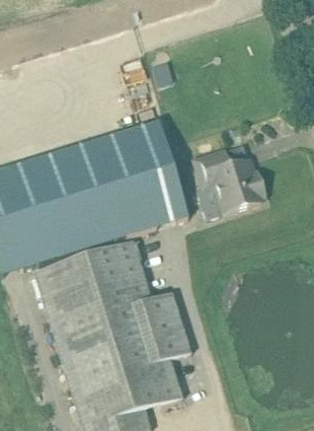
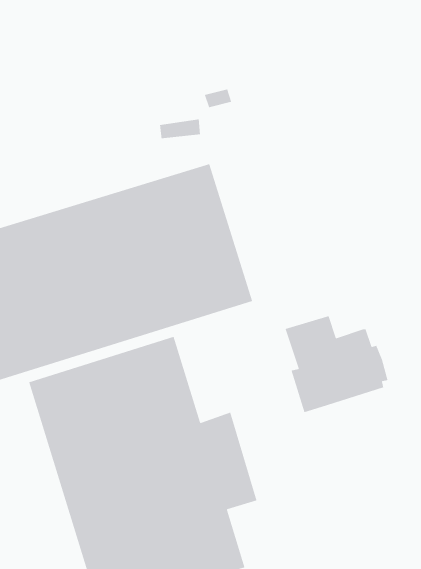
building: [193,148,264,215] -> [284,315,389,413]

